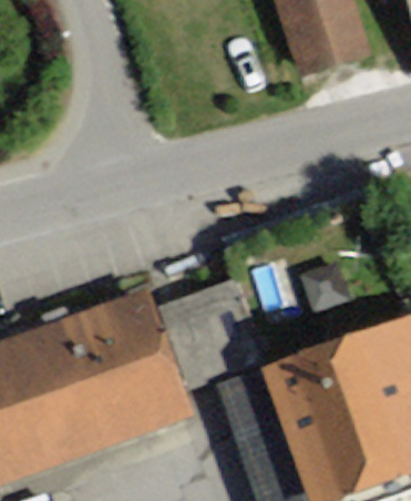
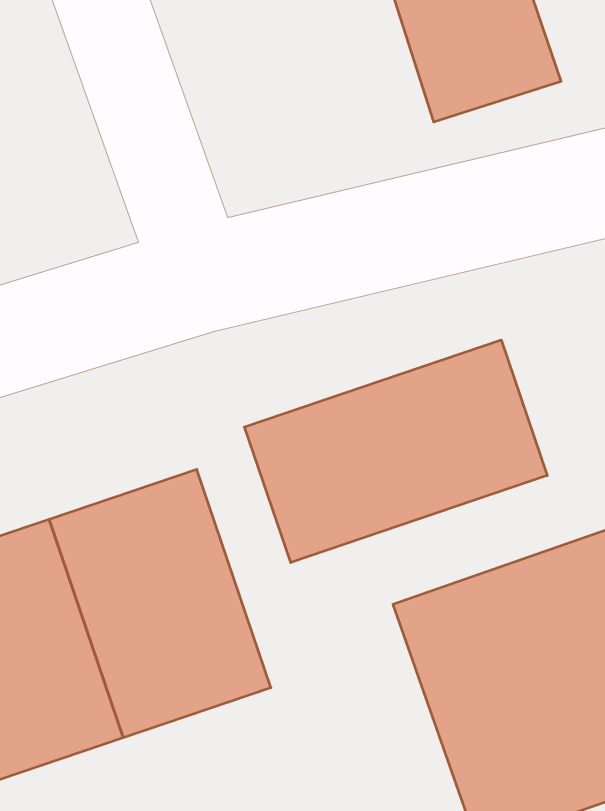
building: none -> [244,340,547,563]

